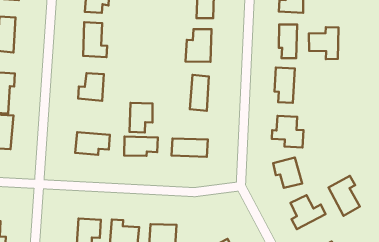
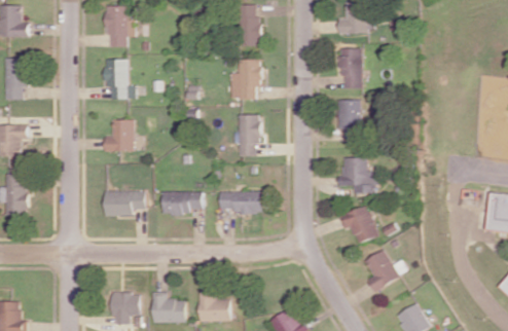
building: [309,27,339,59] -> none
building: [130,103,153,132] -> none
building: [329,176,360,216] -> none

